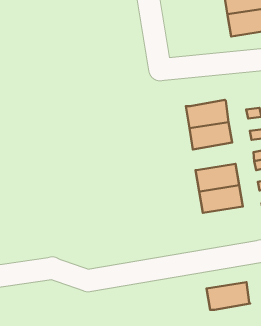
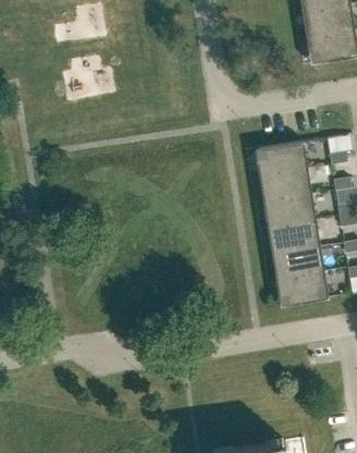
building: none -> [263,193,316,226]
building: [207,282,250,310] -> [275,271,329,305]

